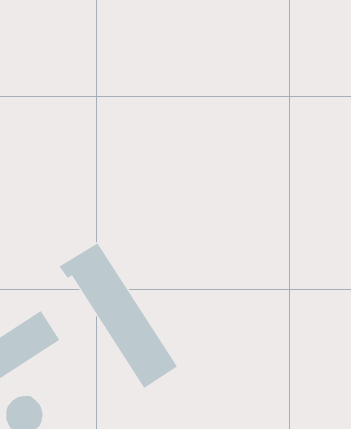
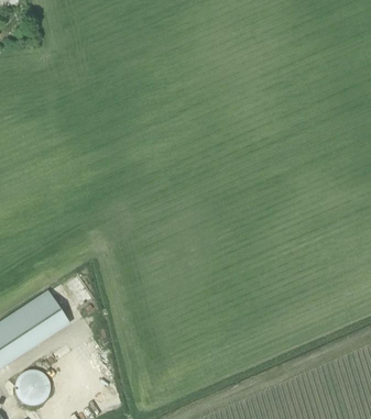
building: [59,242,178,389] -> none

